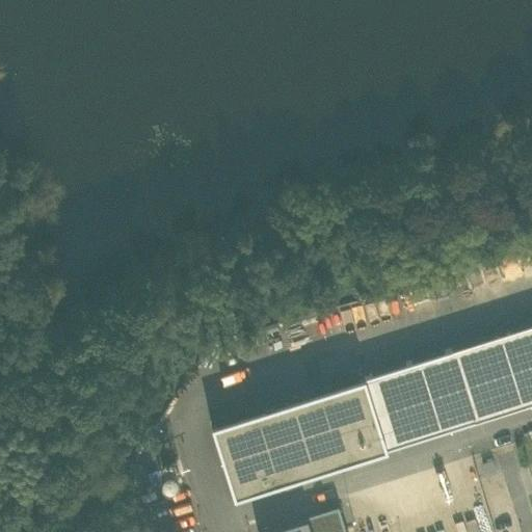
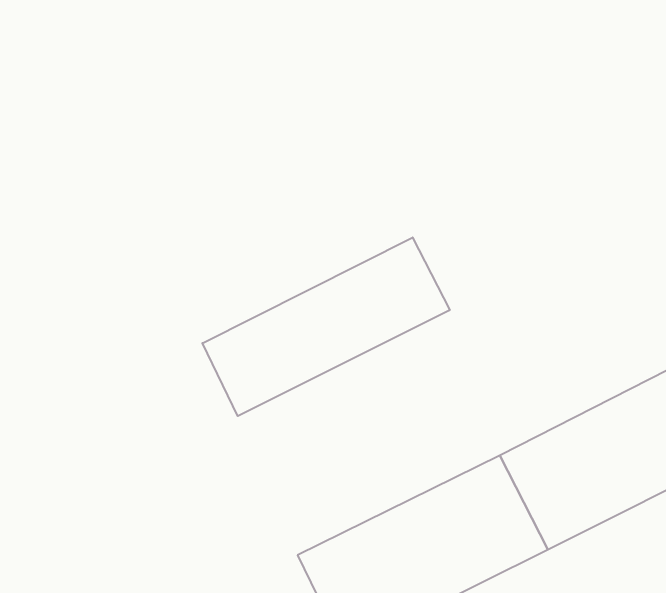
building: none -> [202,237,450,416]

